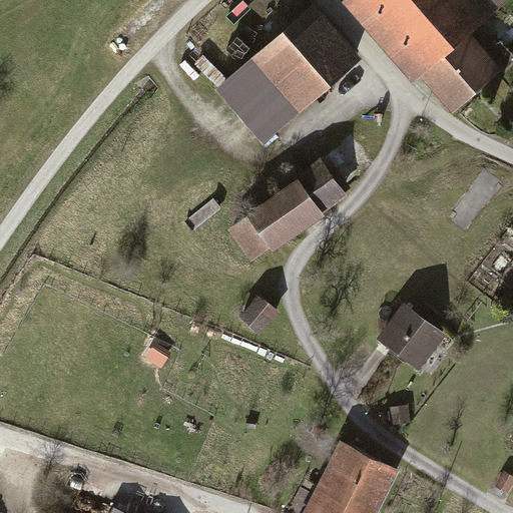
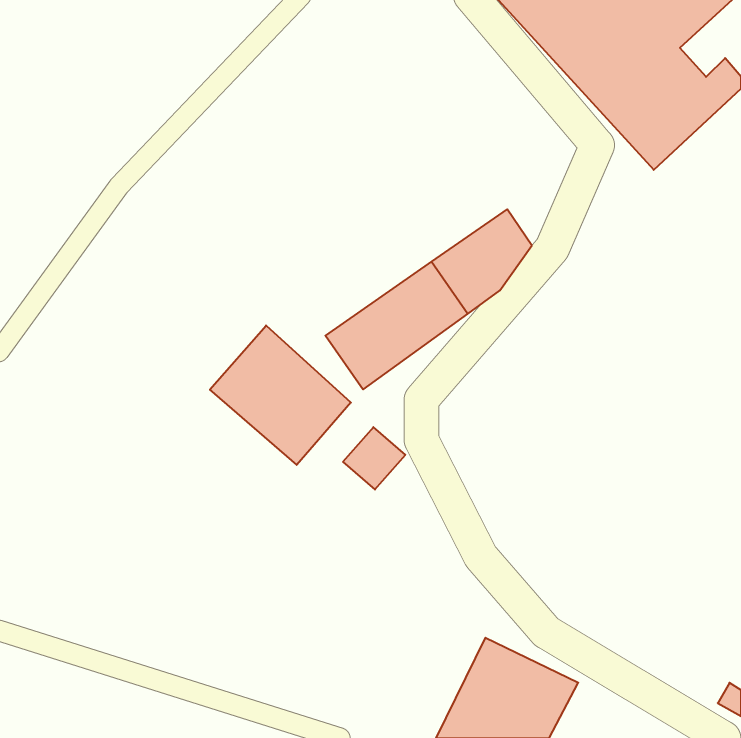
building: [213,4,360,144] -> none
building: none -> [210,325,351,465]
building: [374,303,443,371] -> none

